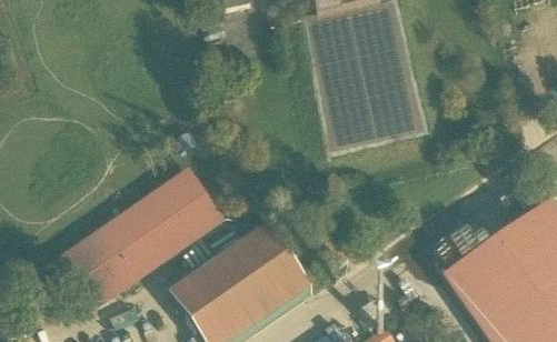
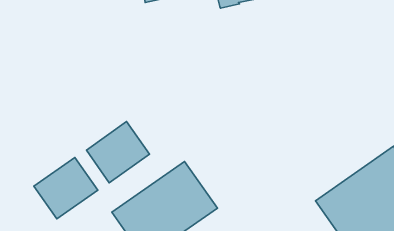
building: [120,205,167,260] -> none

